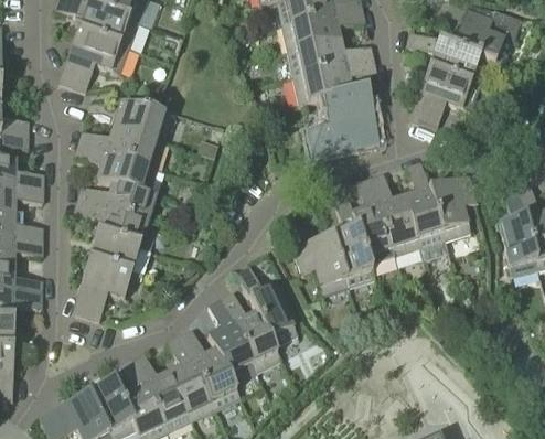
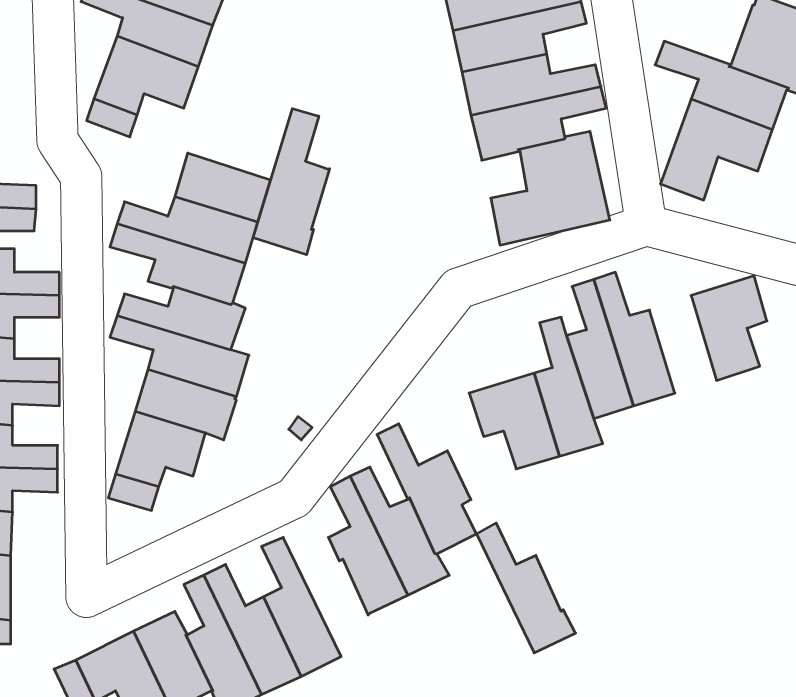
building: none -> [253,109,330,255]
building: [403,161,448,260] -> none
building: [179,329,239,408] -> [476,523,576,653]

